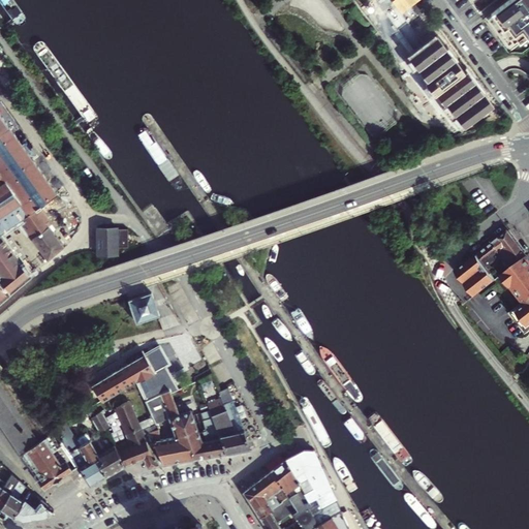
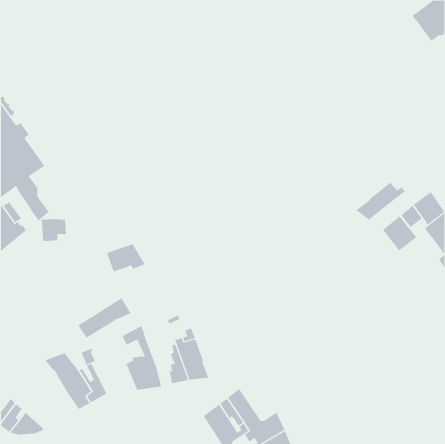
building: [405,35,494,132] -> none
building: none -> [355,182,406,220]
building: [96,230,127,257] -> [41,219,67,241]
building: [137,347,176,400] -> none
building: [174,401,204,460] -> none
building: [118,405,162,468] -> none
building: [27,439,74,490] -> none
building: [284,454,329,500] -> none

